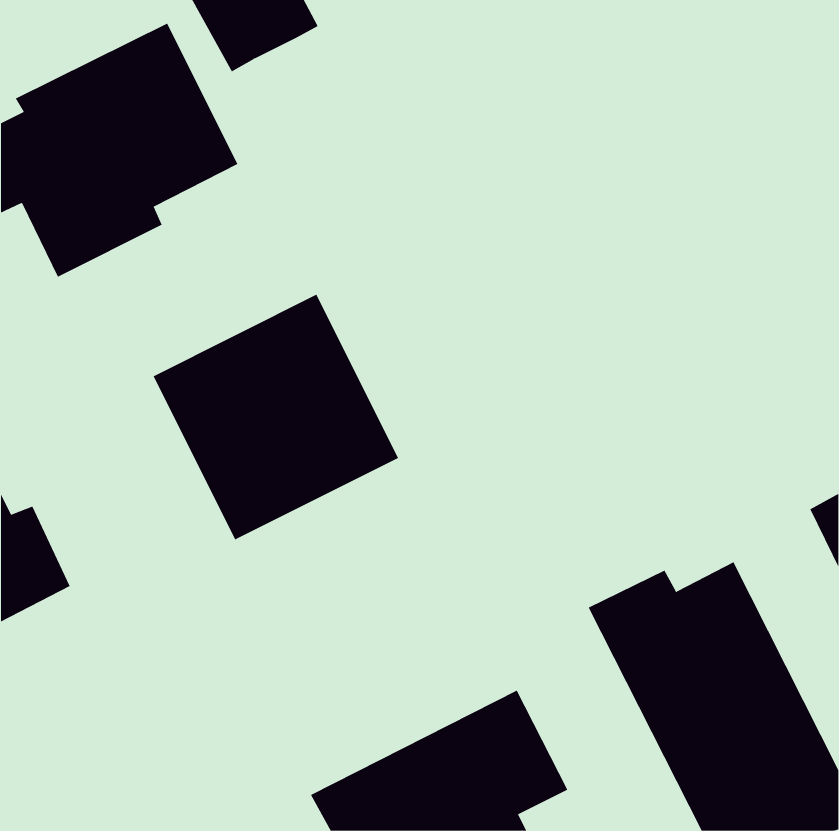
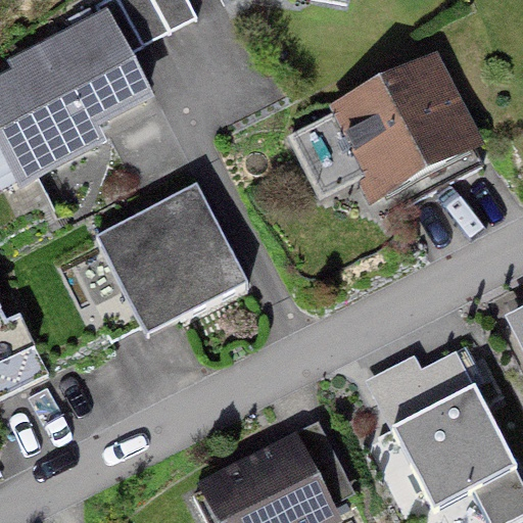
building: none -> [287,50,485,202]

